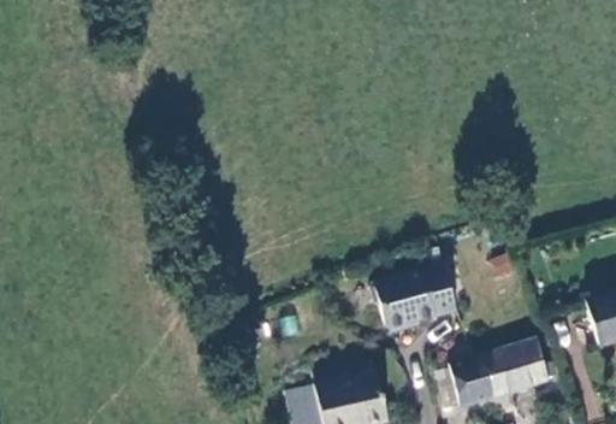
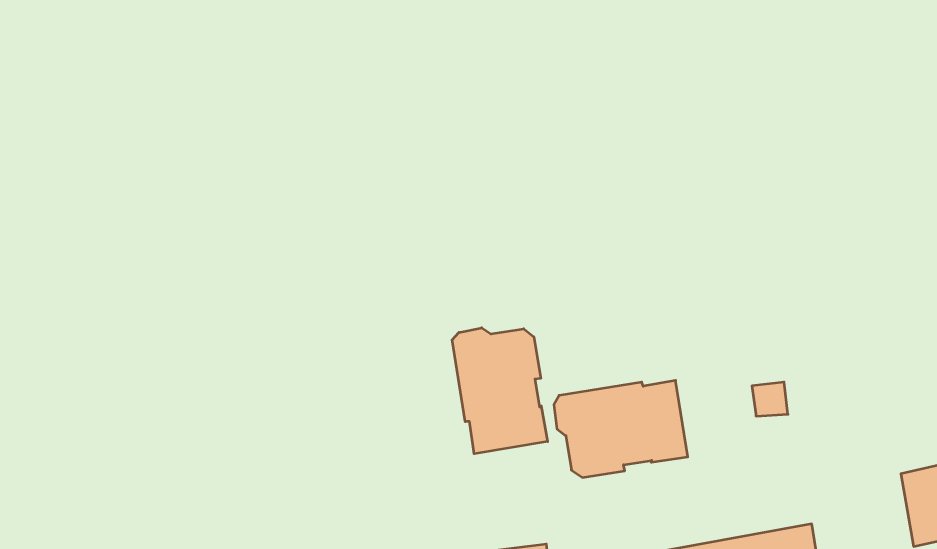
building: none -> [452,328,548,454]

